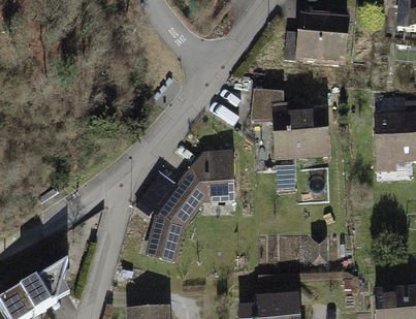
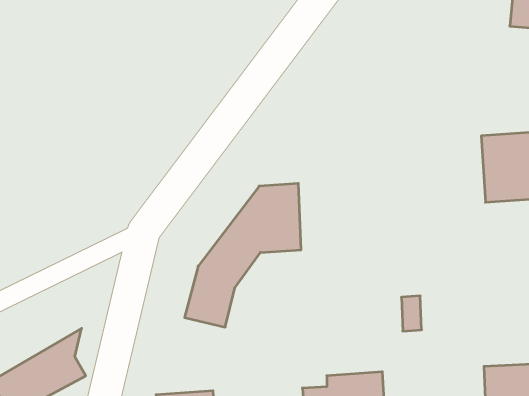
building: [285,13,339,67] -> none
building: [253,89,327,159] -> none

